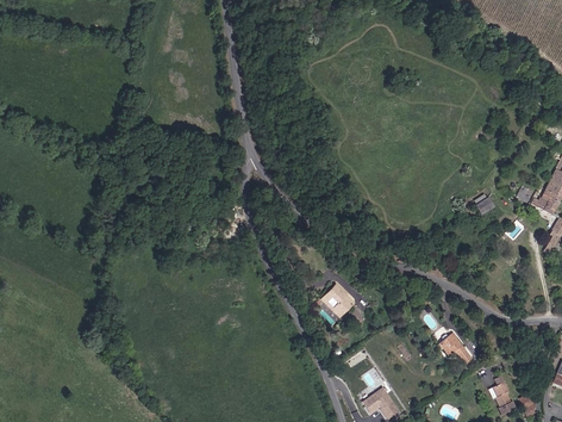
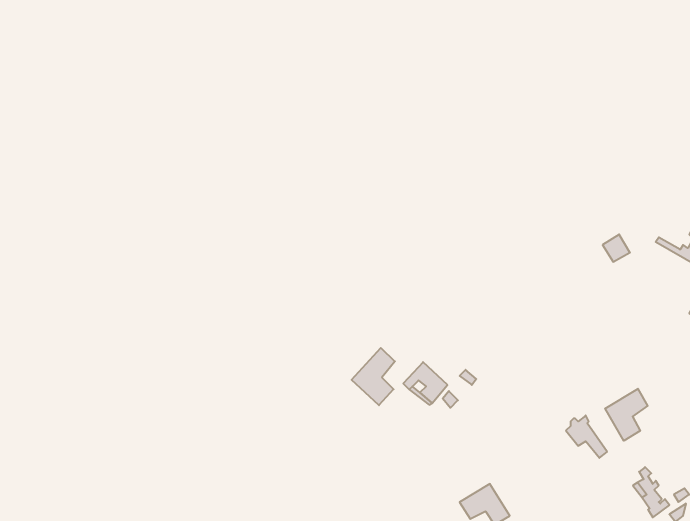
building: none -> [352,348,395,405]
building: none -> [605,389,648,441]

